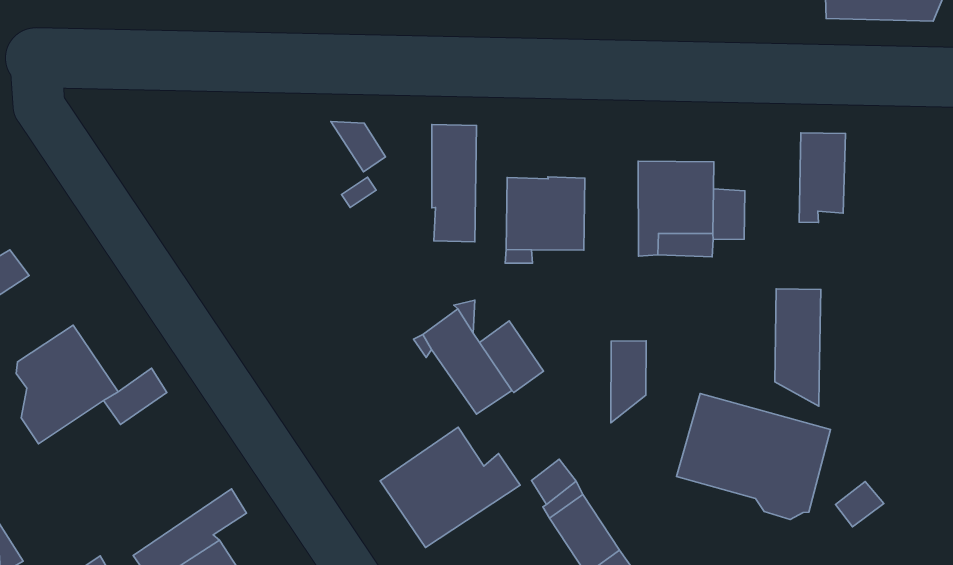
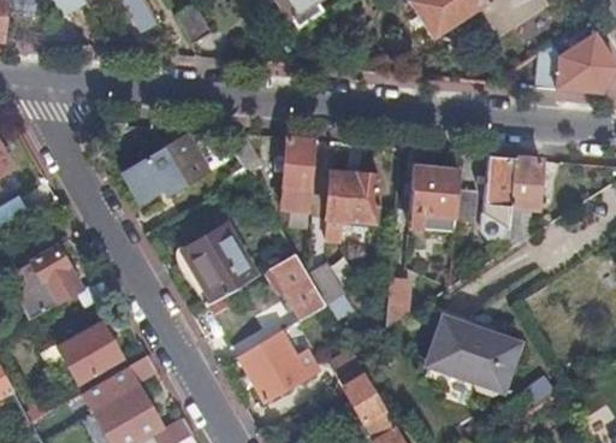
building: none -> [119,132,229,217]
building: none -> [183,225,255,301]
building: [775,289,821,406] -> [482,155,515,230]
building: none -> [53,323,119,382]

